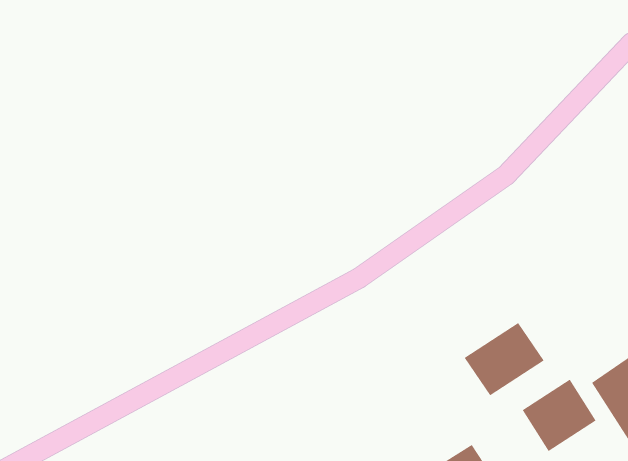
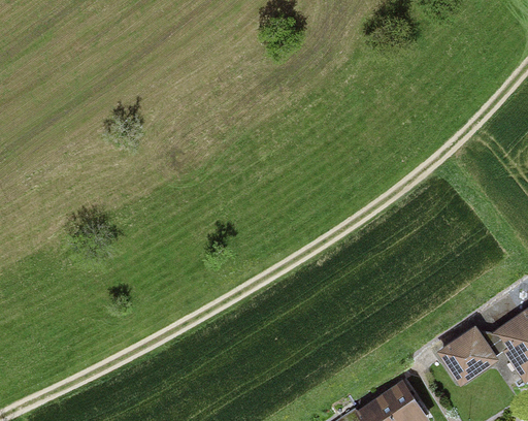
building: [464,322,545,396] -> none

